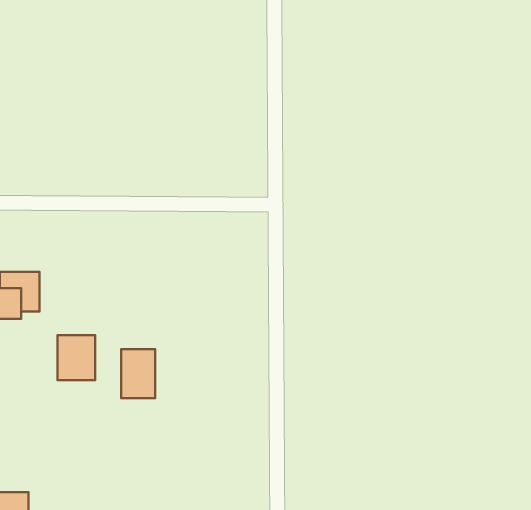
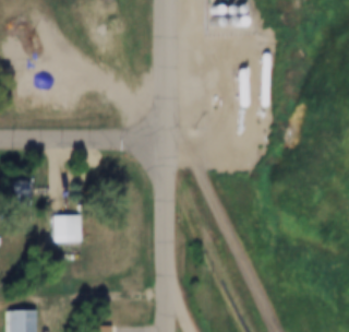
building: [121,349,155,398] -> none

